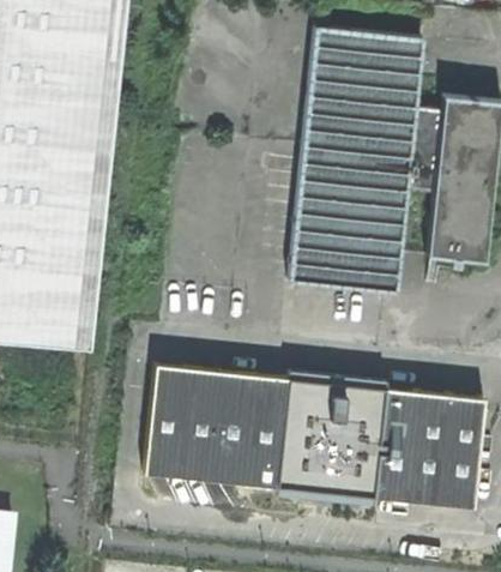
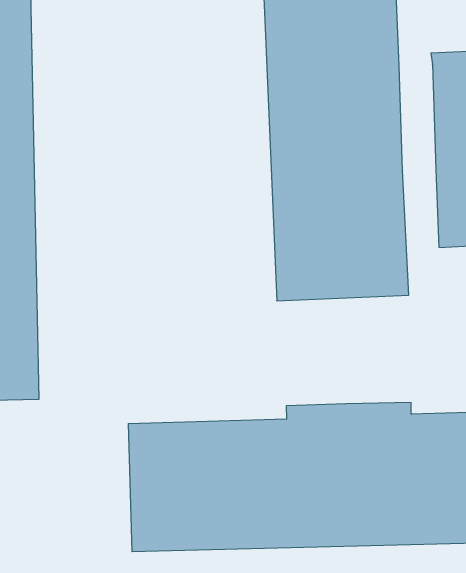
building: [409,104,445,193] -> none

